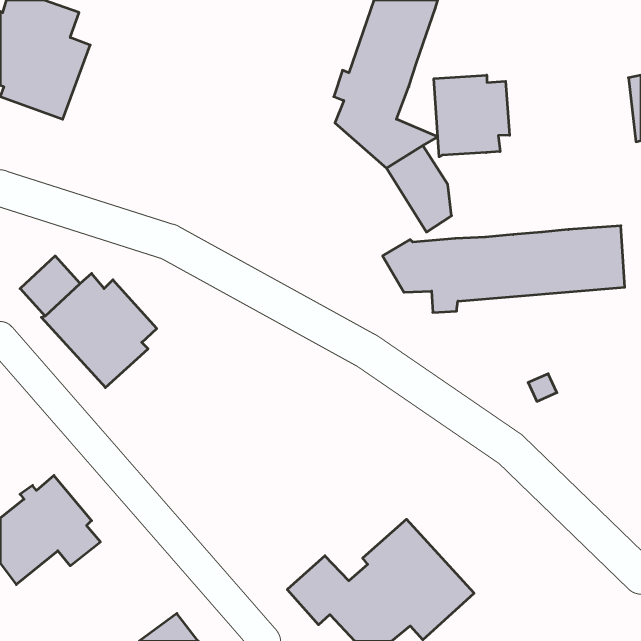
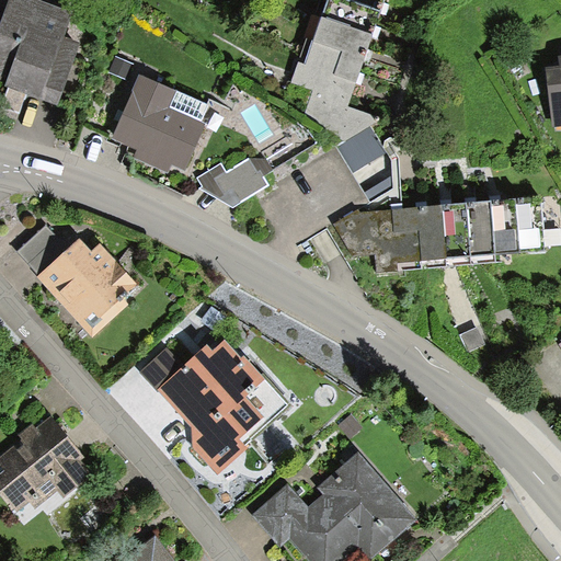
building: [434,75,510,157] -> none
building: none -> [111,75,211,173]
building: none -> [197,158,273,209]
building: none -> [140,340,289,476]

